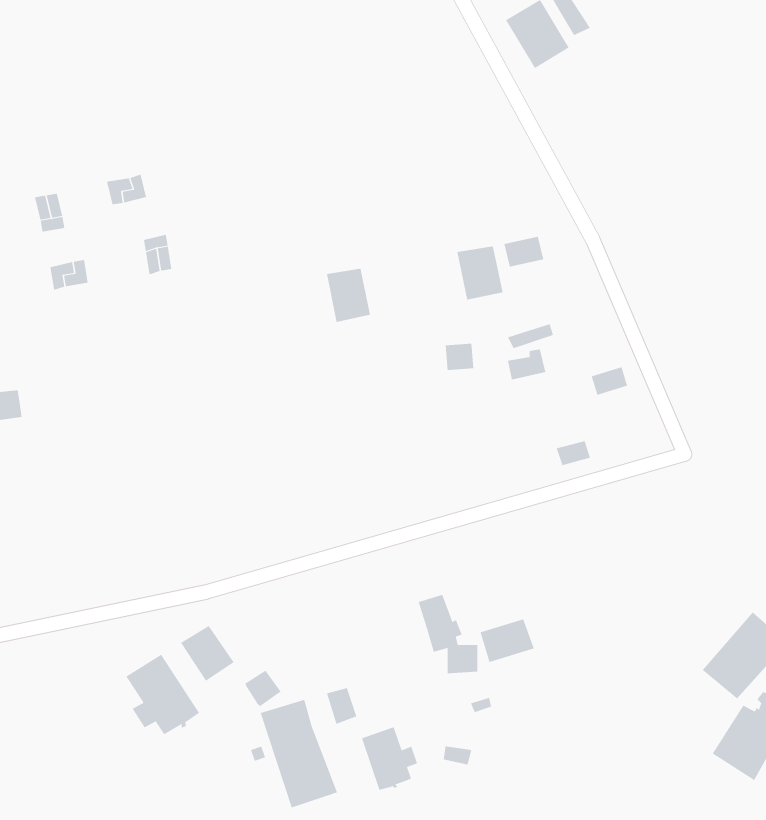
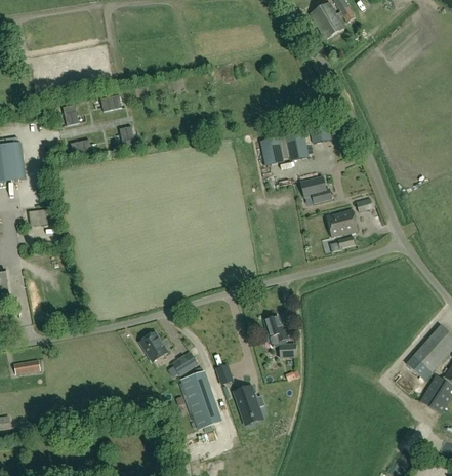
building: [326,268,371,323] -> [259,137,283,166]
building: none -> [325,209,357,237]
building: [480,619,534,663] -> none
building: [126,654,200,735] -> none

